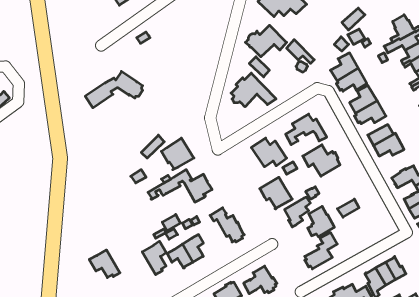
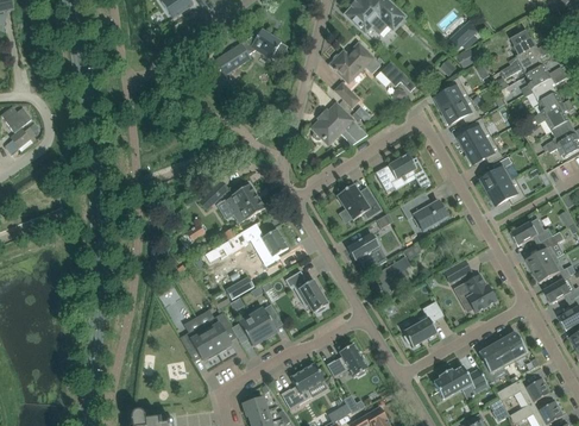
building: [85,71,143,108] -> [216,29,288,74]
building: [308,206,334,237] -> [462,274,496,312]
building: [89,250,120,278] -> [180,325,218,359]

